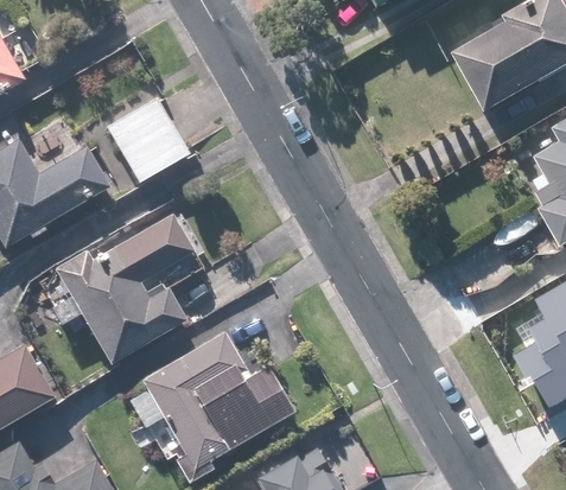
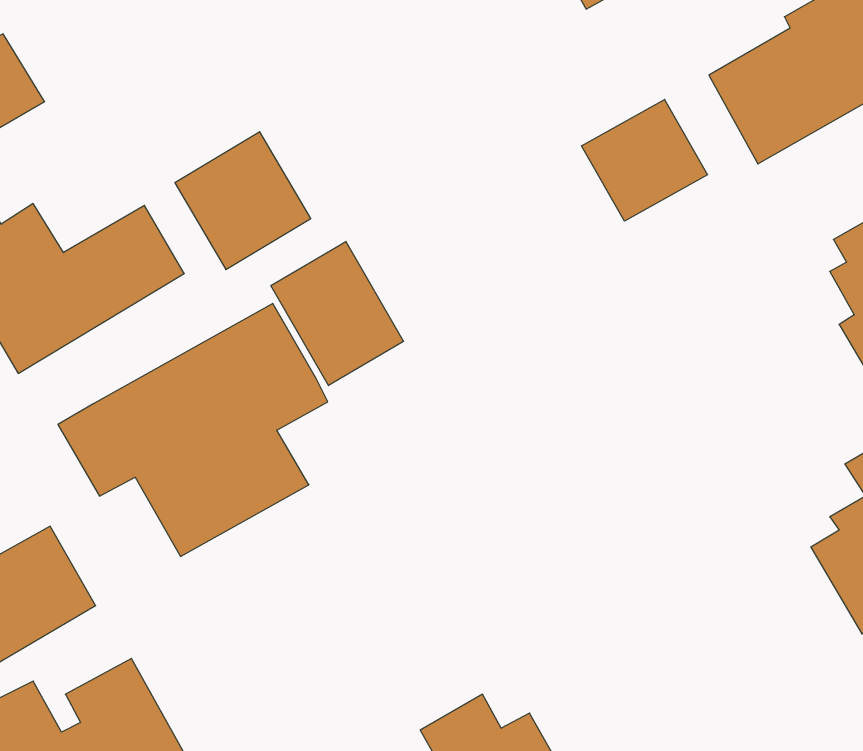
building: none -> [582,99,708,221]
building: none -> [271,241,404,386]
building: [148,330,300,479] -> none

